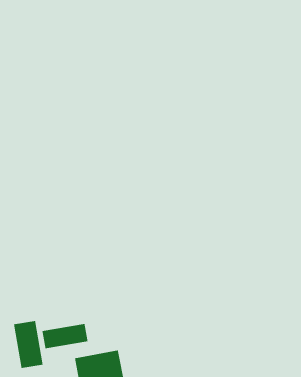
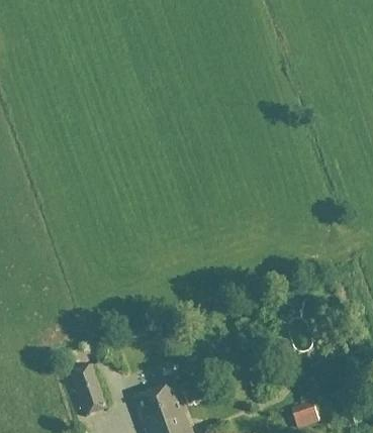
building: [42,323,88,349] -> none

